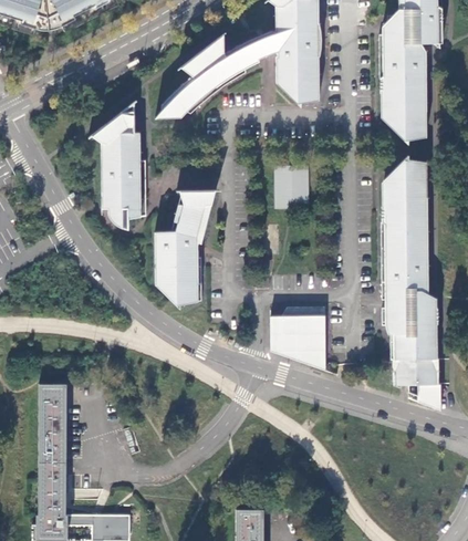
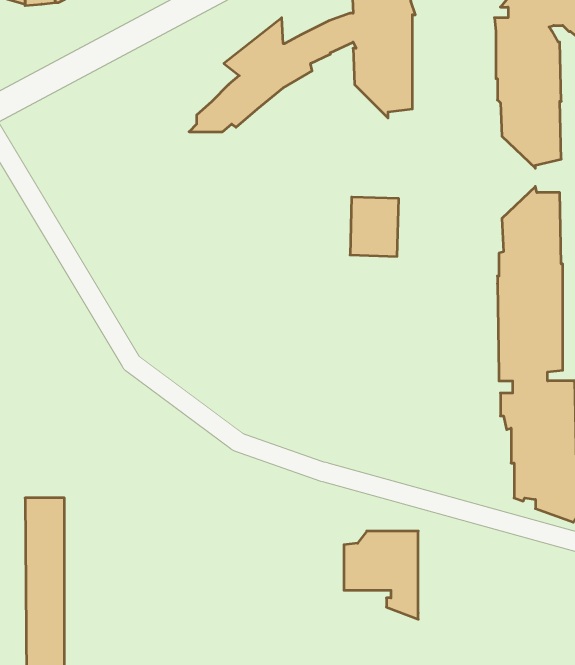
building: [92,102,146,228] -> none
building: [155,190,216,308] -> none
building: [271,306,325,371] -> [344,531,418,619]

